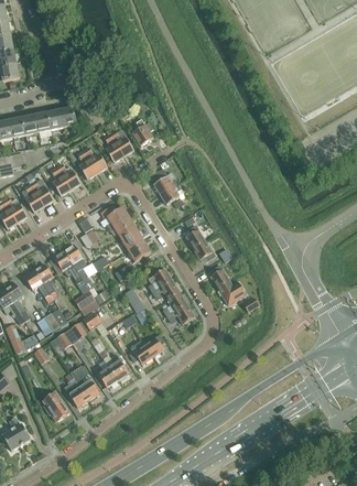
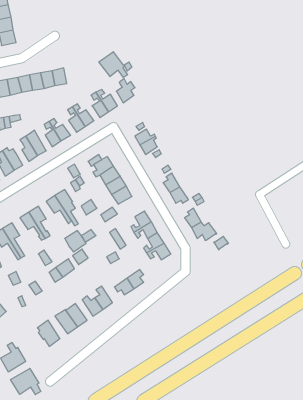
building: none -> [99,52,128,77]
building: none -> [11,368,41,395]

